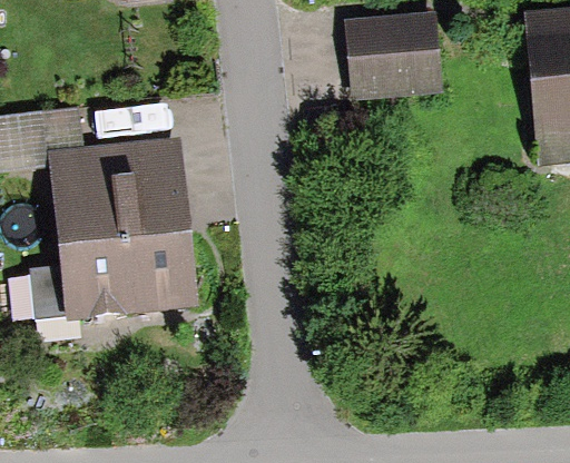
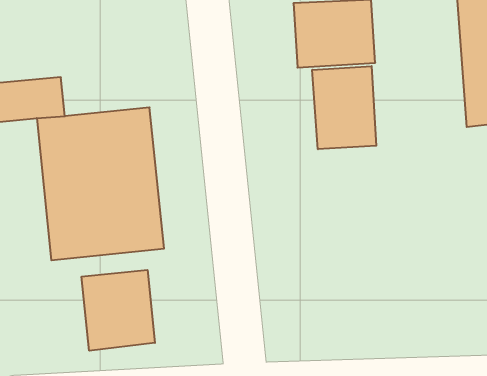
building: none -> [312,66,376,149]
building: none -> [82,270,155,351]

